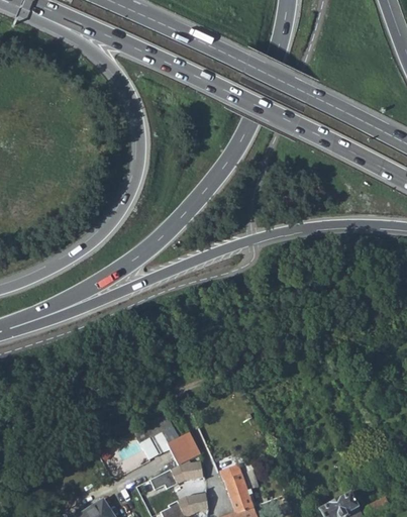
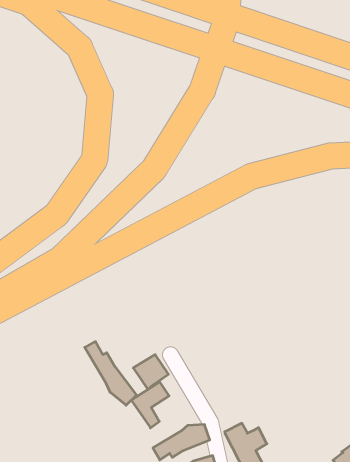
building: none -> [85,342,136,405]
building: [168,433,200,466] -> [133,355,168,390]

